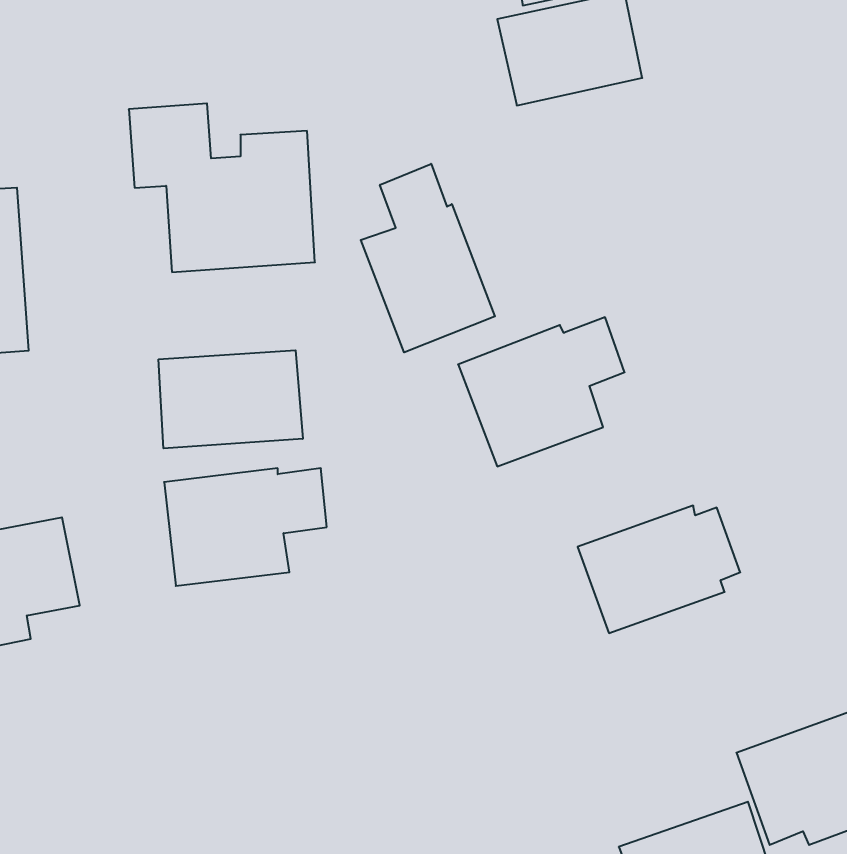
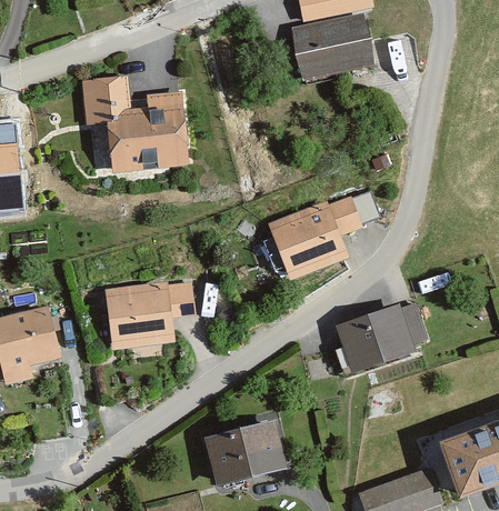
building: [361,164,495,352] -> none
building: [159,350,303,448] -> none
building: none -> [202,422,288,489]

